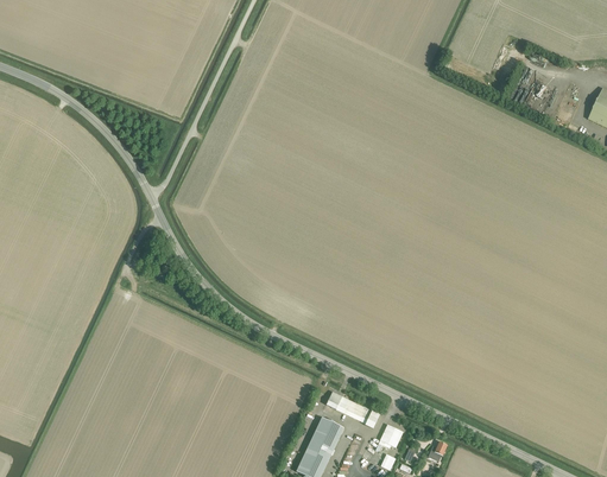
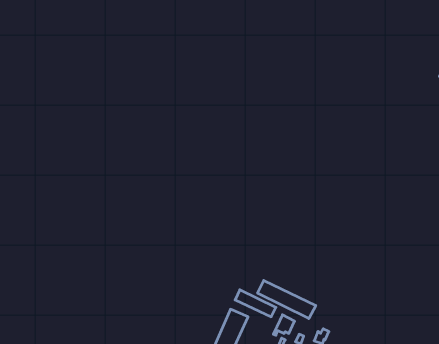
building: none -> [258,280,316,319]

